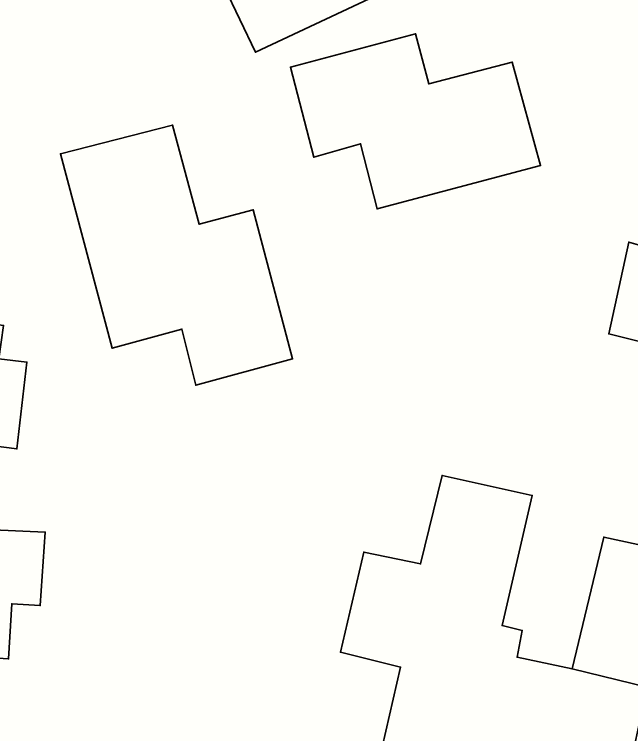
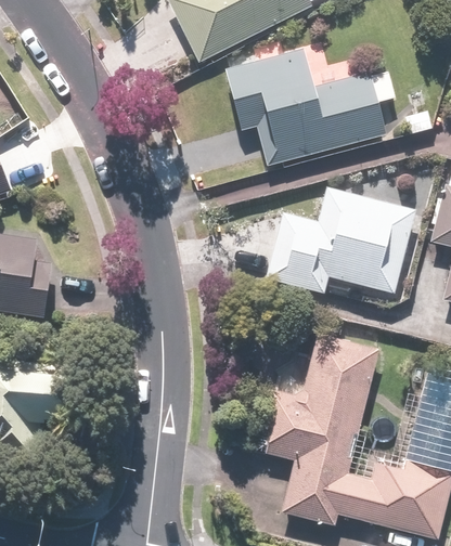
building: [60,125,292,385] -> none
building: none -> [266,187,416,295]

